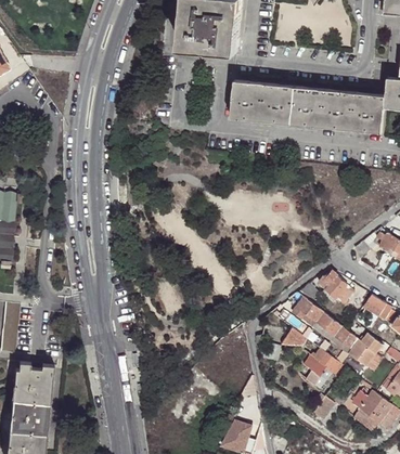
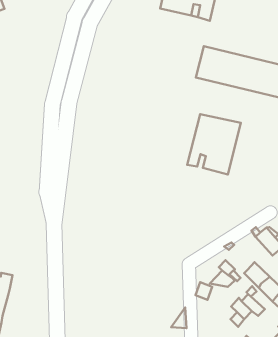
building: none -> [187,114,241,175]
building: [294,300,323,328] -> none

